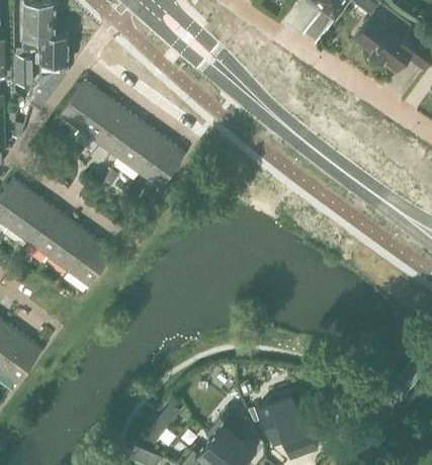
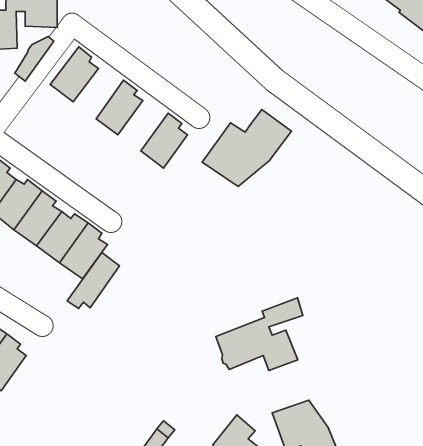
building: [81,101,125,146] -> none
building: [120,129,165,174] -> none
building: none -> [202,109,292,187]
building: none -> [67,253,120,308]
building: none -> [216,298,303,371]

